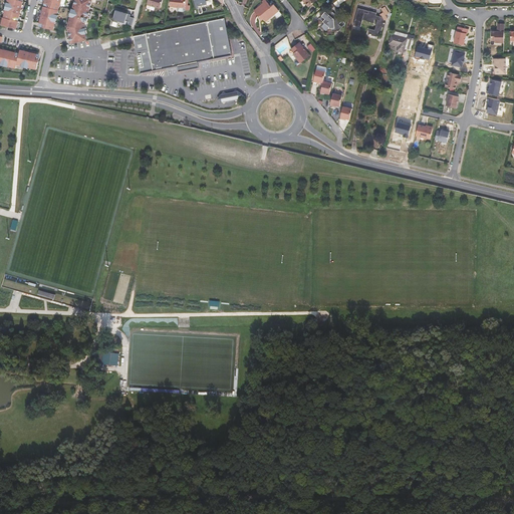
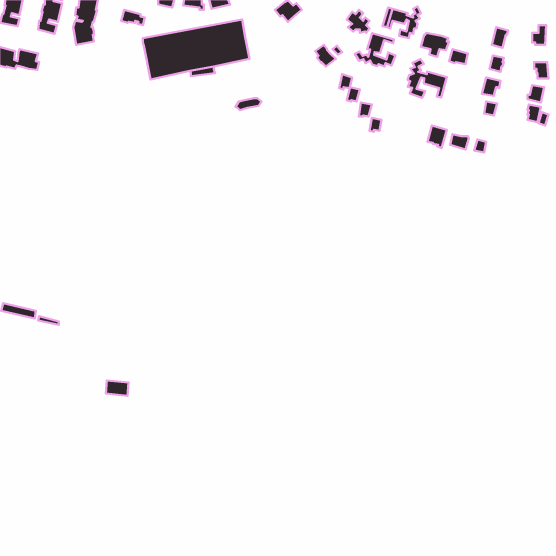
building: none -> [355,33,395,67]
building: none -> [408,59,447,98]

